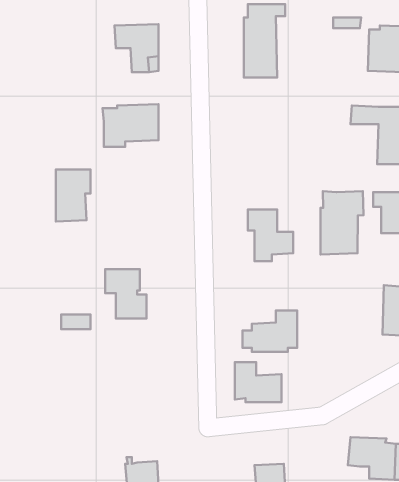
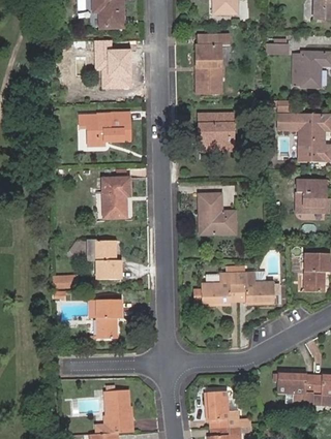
building: none -> [192,114,232,146]
building: [56,169,91,221] -> [102,178,129,218]
building: [321,191,363,255] -> none
building: none -> [96,300,121,338]
building: [235,362,282,402] -> [237,273,273,304]

